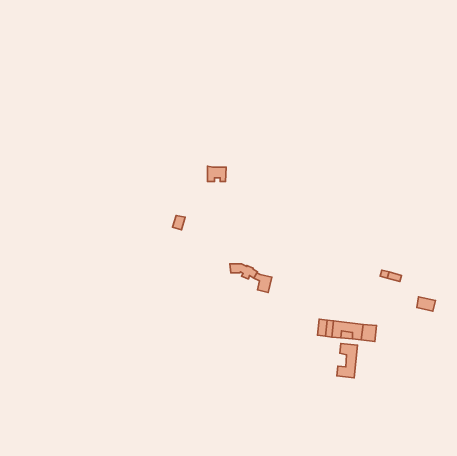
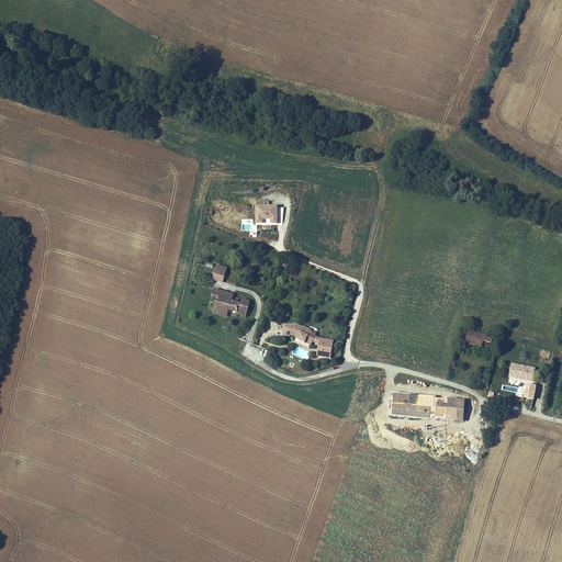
building: none -> [211,288,250,317]
building: [337,343,357,378] -> none

